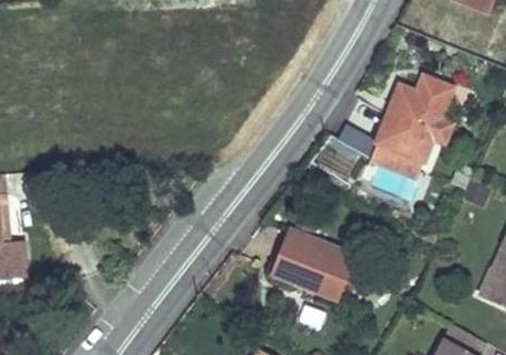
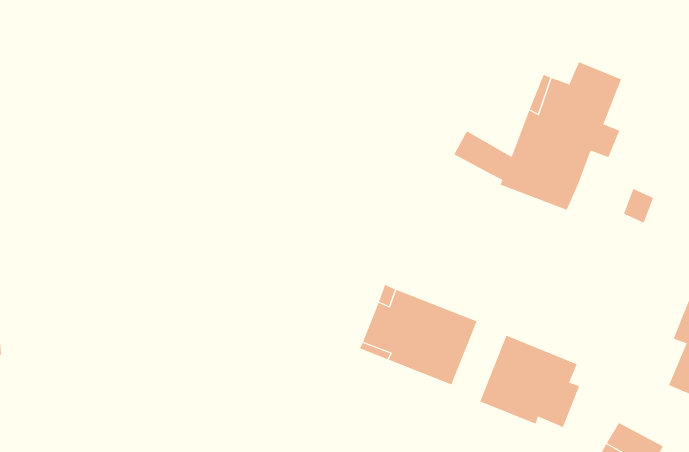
building: none -> [479,335,580,428]

